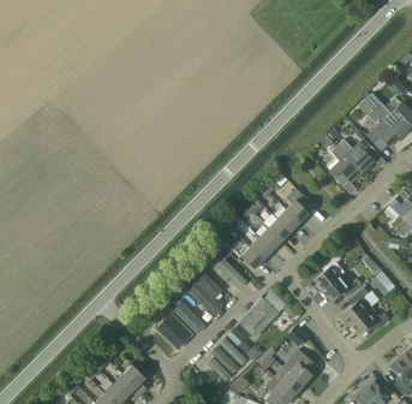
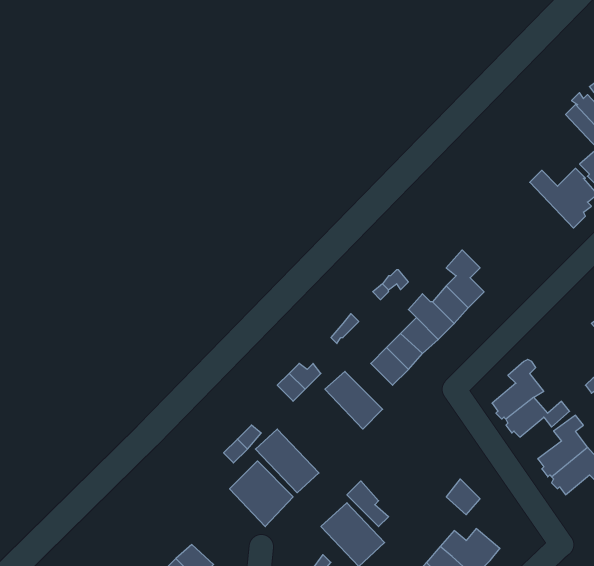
building: [328,145,363,186] -> none
building: [187,272,231,315] -> none
building: [239,298,281,340] -> none

